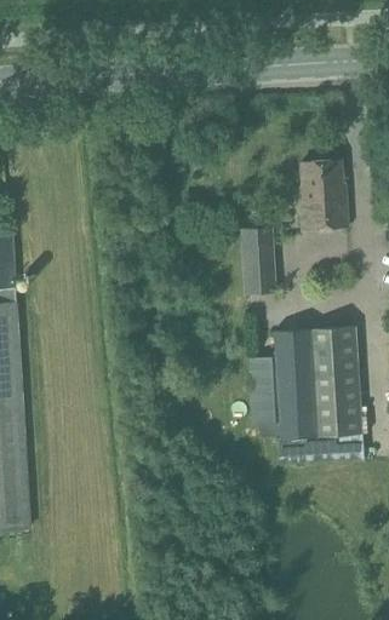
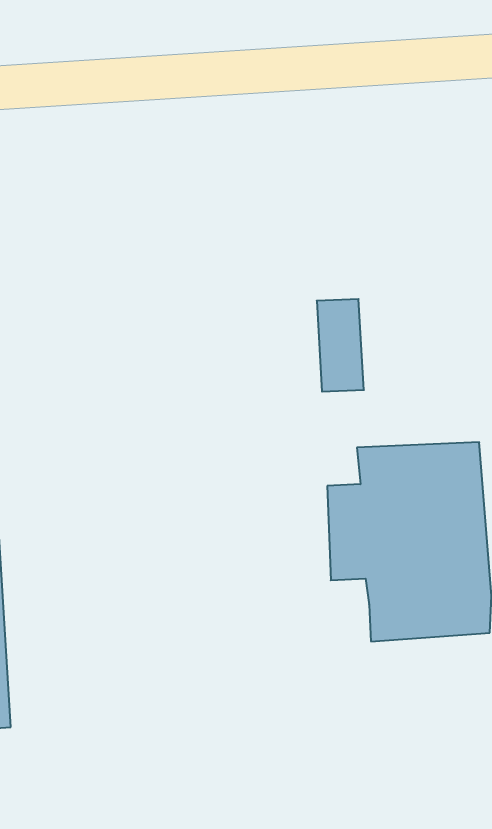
building: [301,160,349,229] -> none

